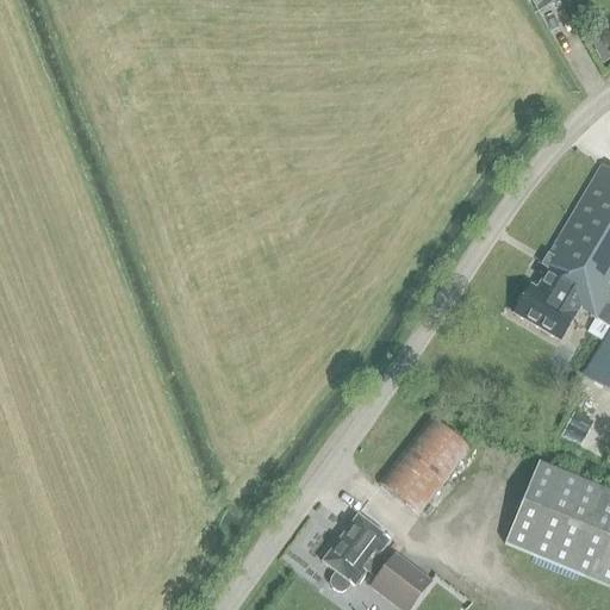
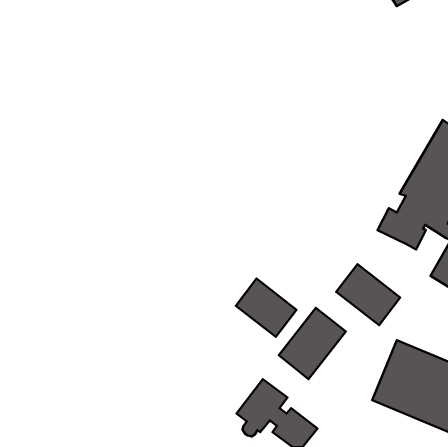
building: none -> [336,264,400,325]
building: none -> [236,279,297,337]

